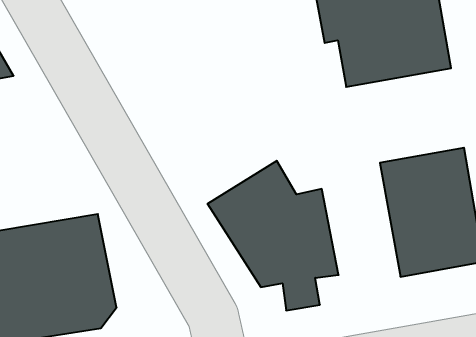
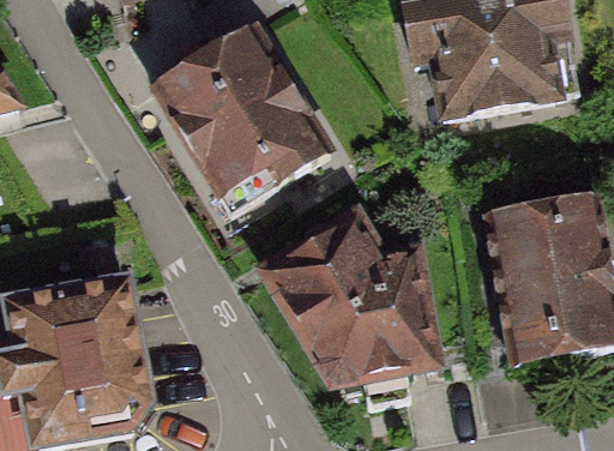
building: none -> [154,23,329,206]

